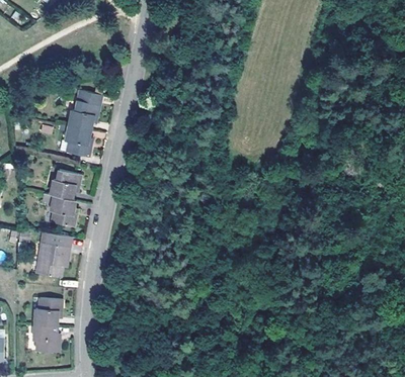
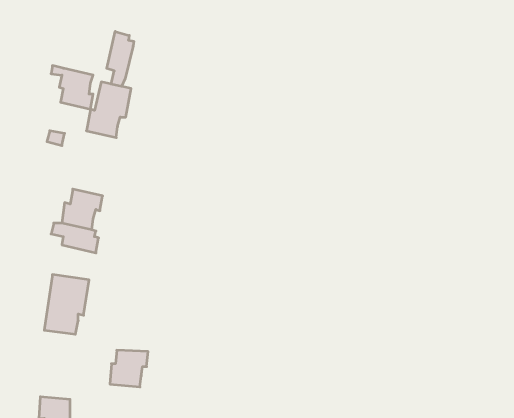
building: none -> [107,31,134,86]
building: [60,123,91,156] -> [51,66,93,109]
building: [34,298,63,325] -> [110,350,148,387]

